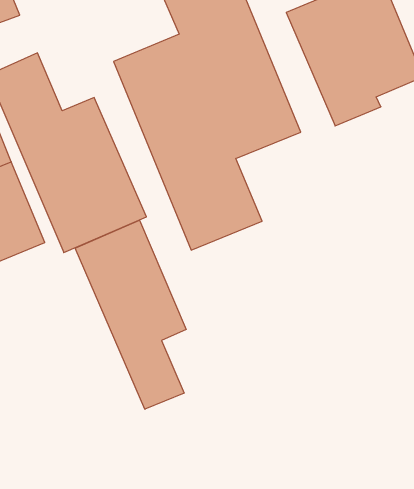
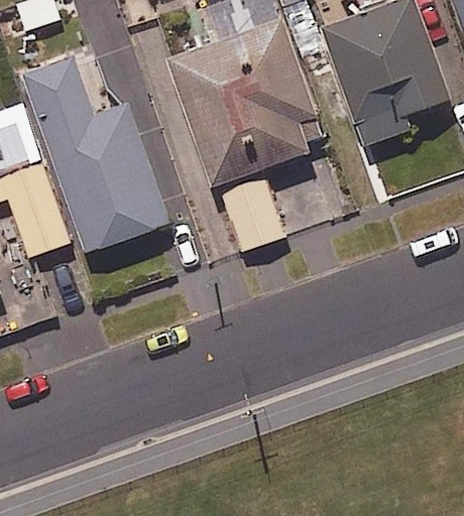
building: [75,220,186,409] -> none

